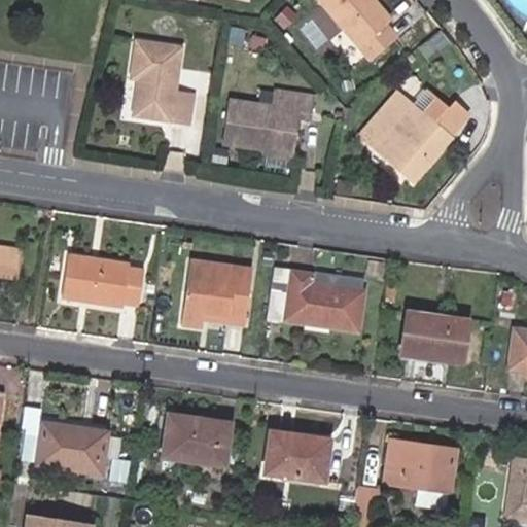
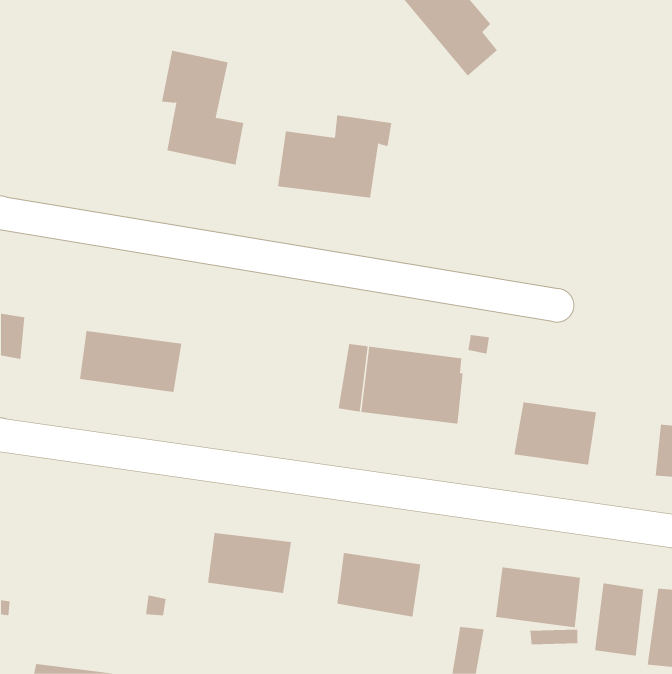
building: [363,94,468,180] -> none
building: [183,259,251,326] -> none
building: [37,422,107,471] -> none
building: none -> [594,583,644,656]

